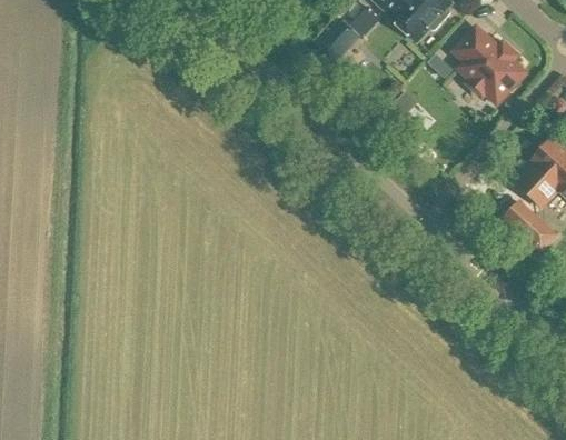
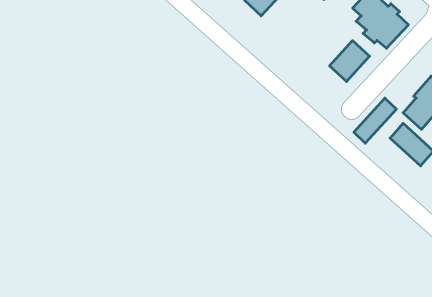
building: none -> [330,41,370,82]
building: none -> [354,98,396,143]

